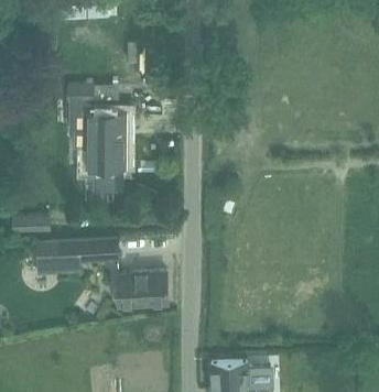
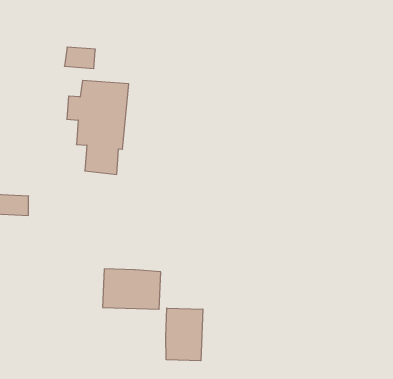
building: [35,239,118,264] -> none
building: none -> [166,308,203,361]

